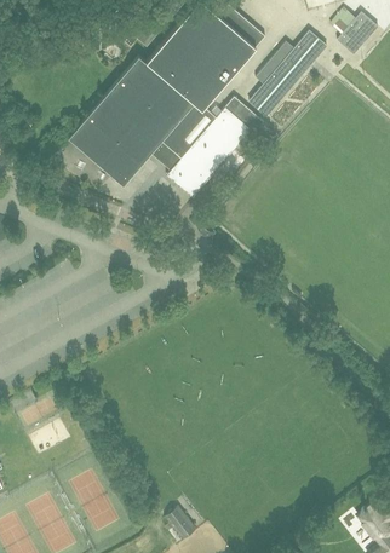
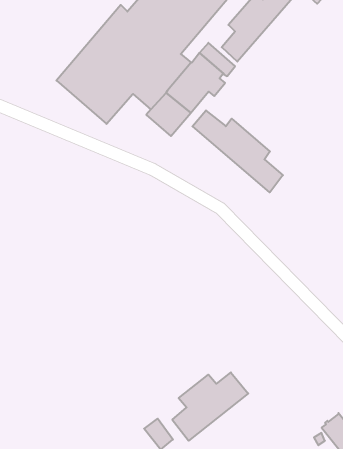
building: none -> [192,110,283,192]
building: none -> [172,372,248,441]

